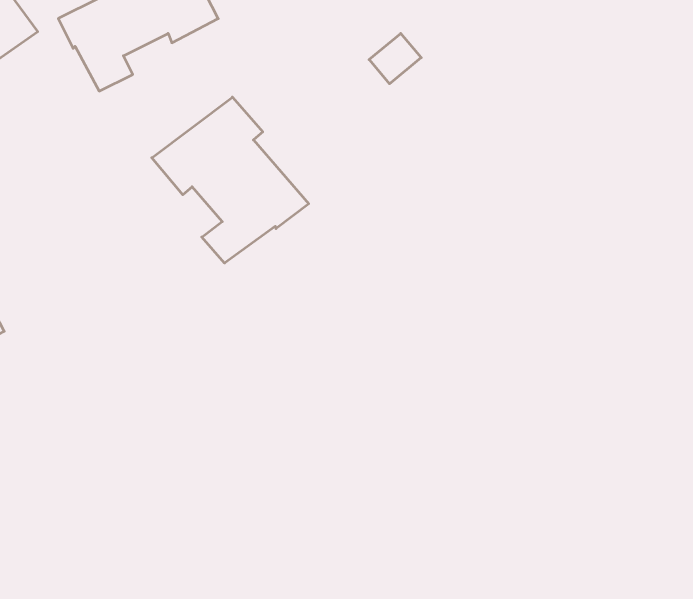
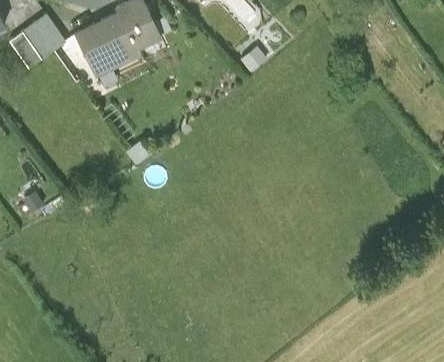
building: [152,97,309,263] -> none

